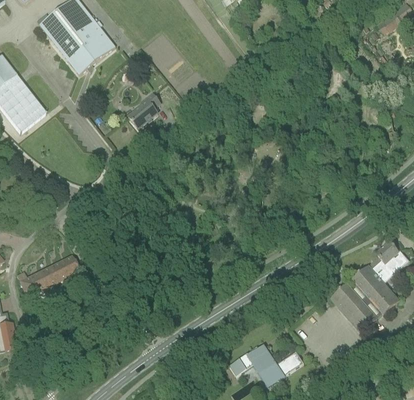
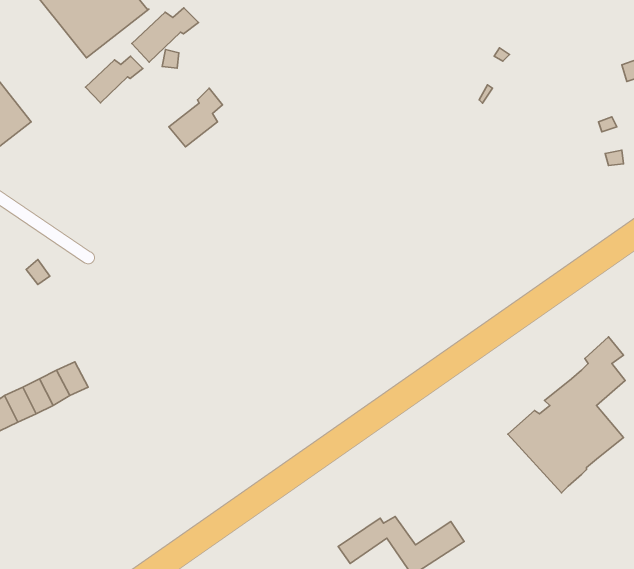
building: none -> [132,8,198,62]
building: none -> [86,56,143,103]

